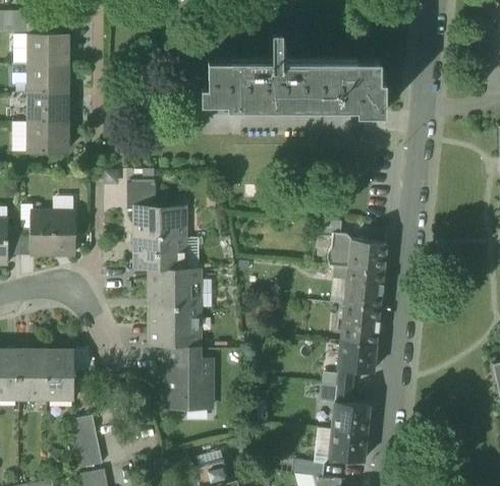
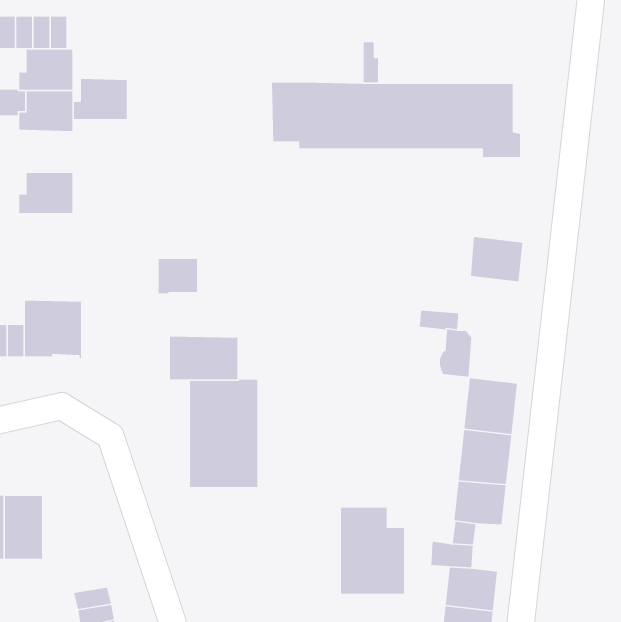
building: [29,96,67,125] -> [73,78,128,120]
building: [135,210,184,242] -> none
building: [348,242,386,275] -> [470,236,523,282]
building: [165,349,211,411] -> [340,507,405,594]
building: [46,354,73,400] -> none

